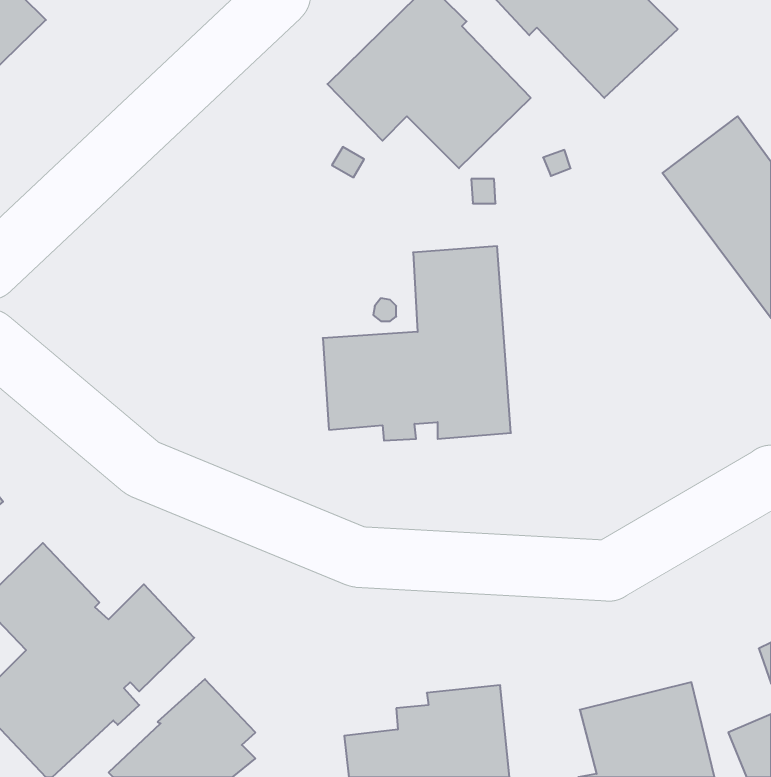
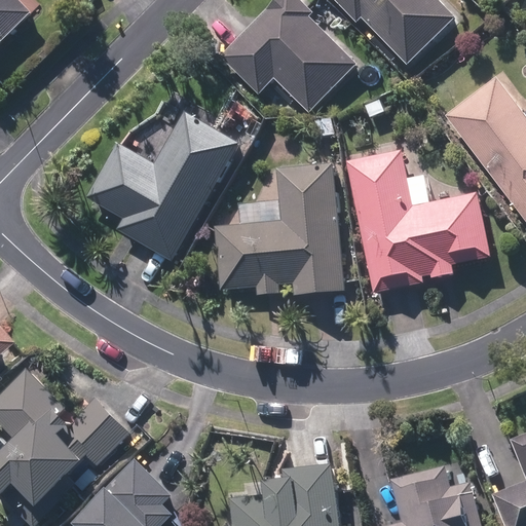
building: none -> [85,113,240,261]
building: none -> [346,150,491,293]

